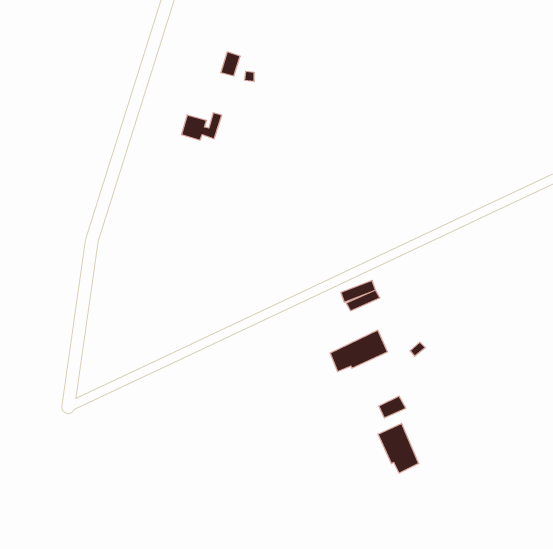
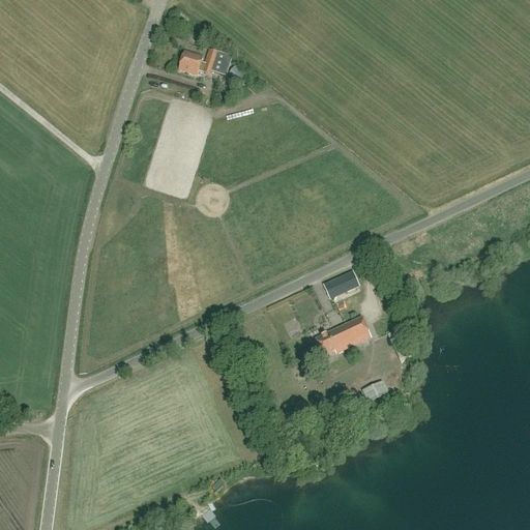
building: [182,113,222,140] -> [179,48,217,73]
building: [378,423,419,473] -> none

